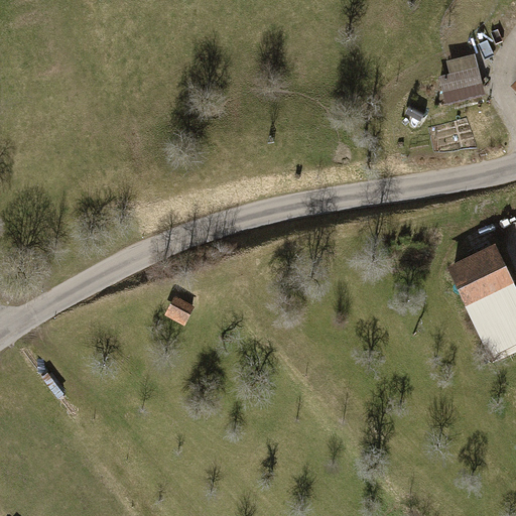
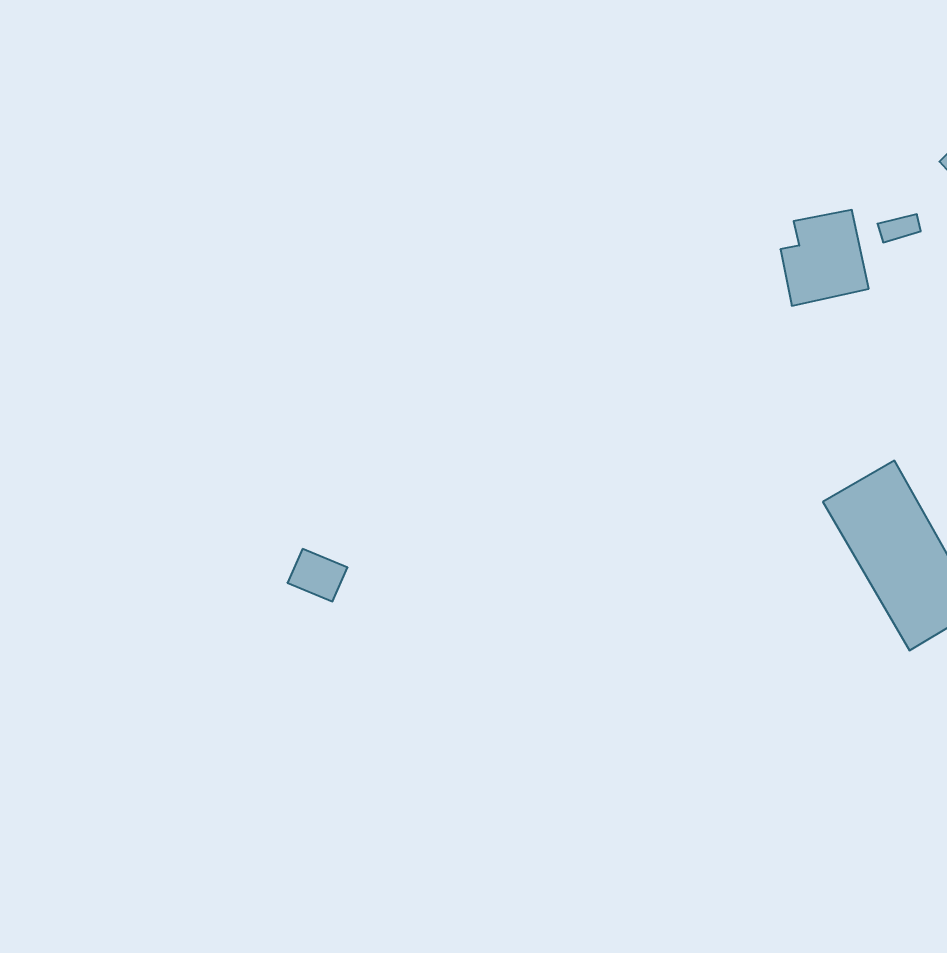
building: [439,53,487,105] -> [780,210,869,306]

